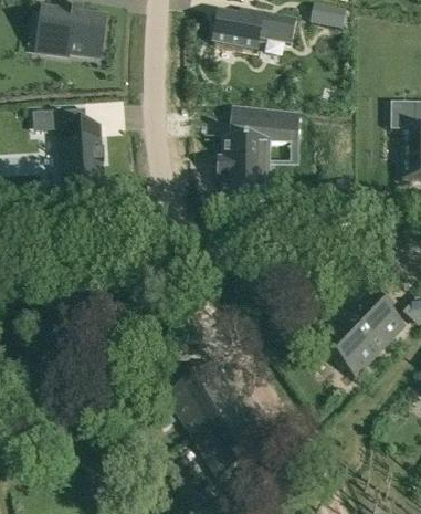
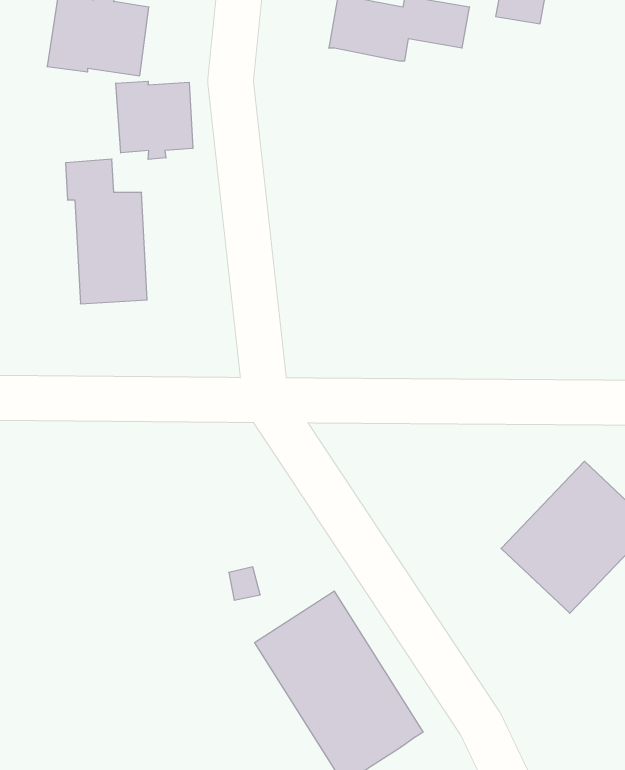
building: none -> [116,81,193,159]
building: [219,106,297,199] -> none

